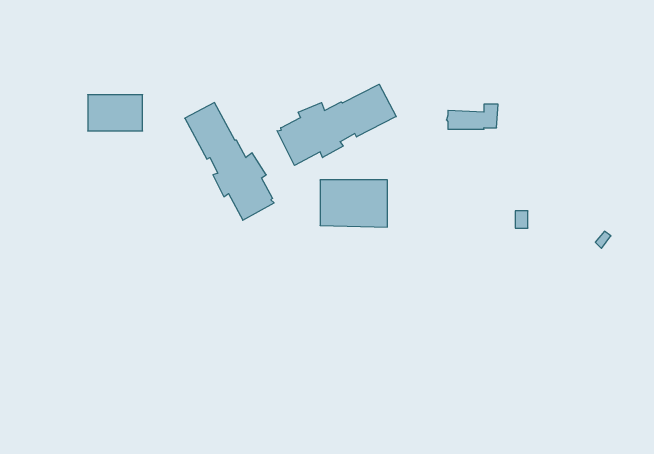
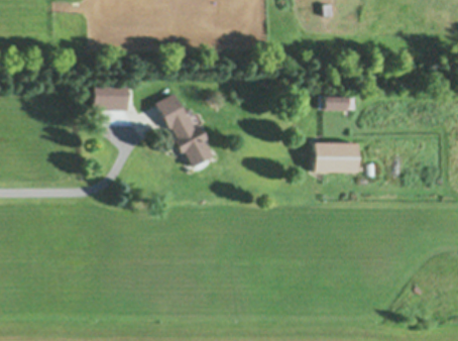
building: [277,84,396,165] -> none
building: [320,180,387,227] -> [315,142,358,173]

